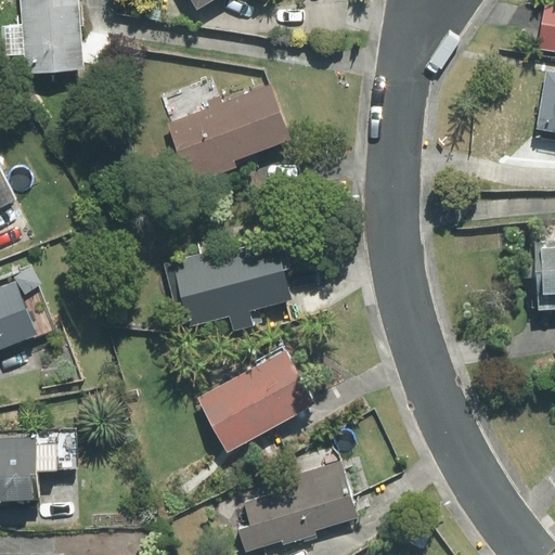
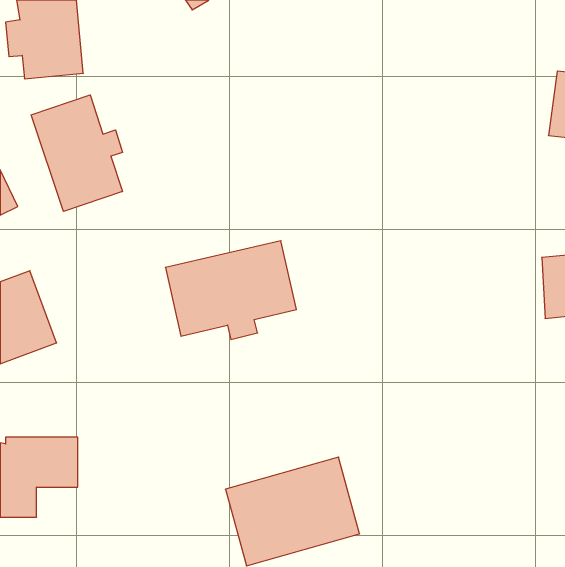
building: [162,74,291,179] -> none
building: none -> [31,95,122,211]
building: [195,350,314,452] -> none

